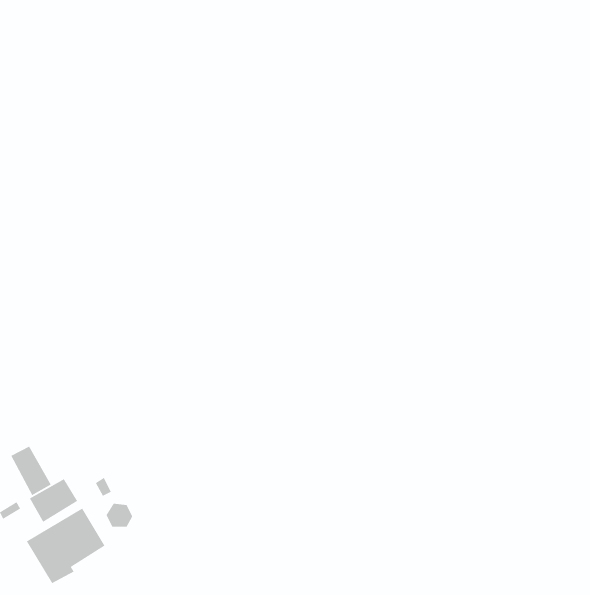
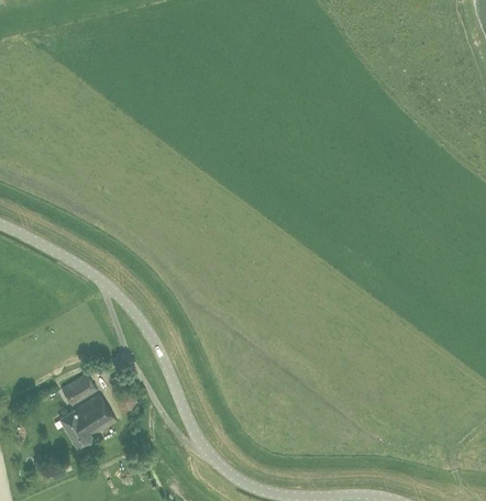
building: [10,445,52,496] -> none

